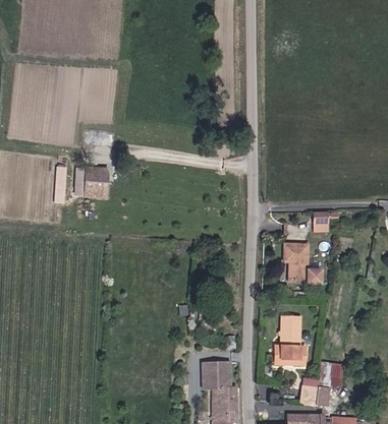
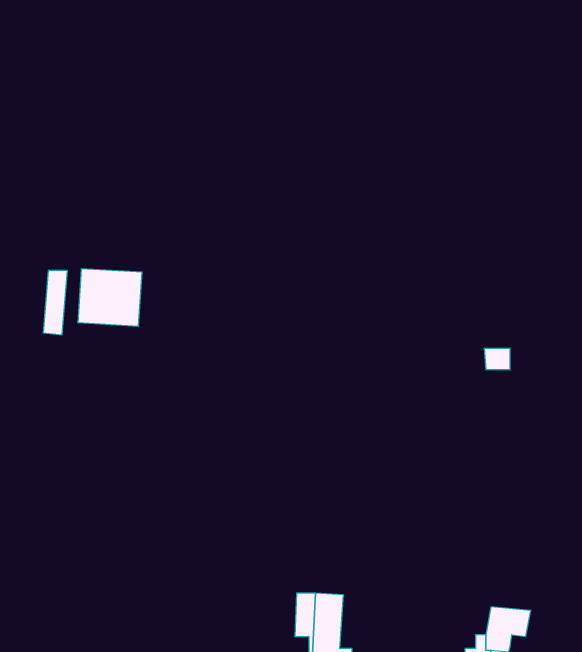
building: [283,245,319,285] -> none
building: [276,314,306,358] -> none

